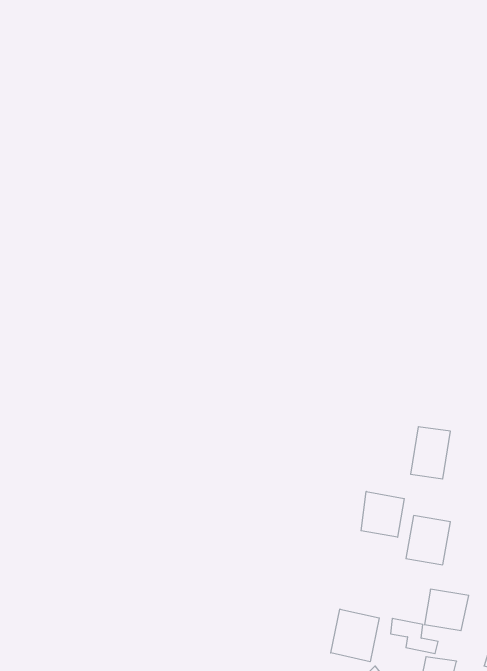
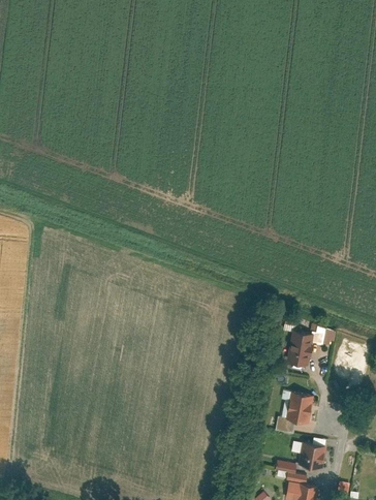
building: [361,491,404,537] -> none
building: [331,609,379,662] -> none

